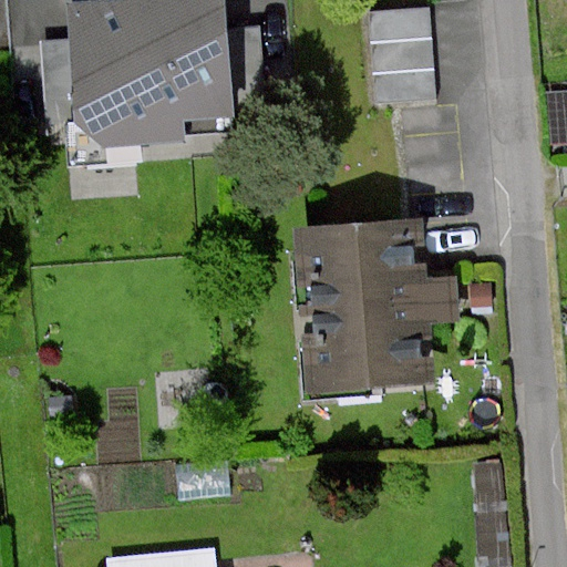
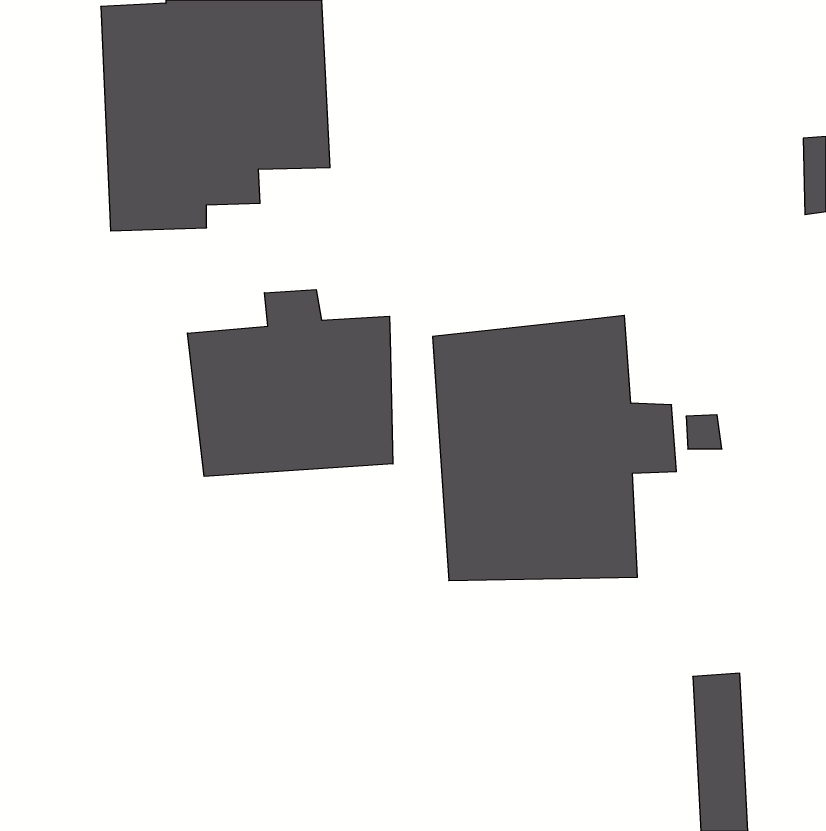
building: [367,6,435,103] -> none
building: none -> [187,290,393,476]

